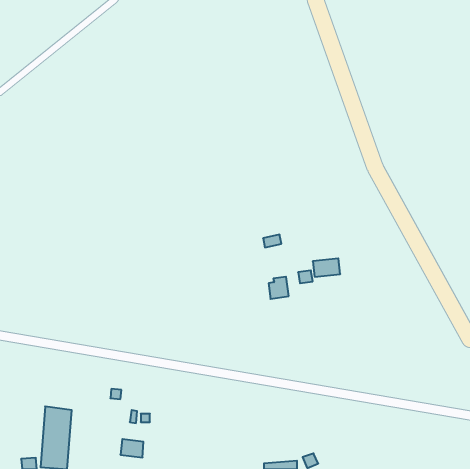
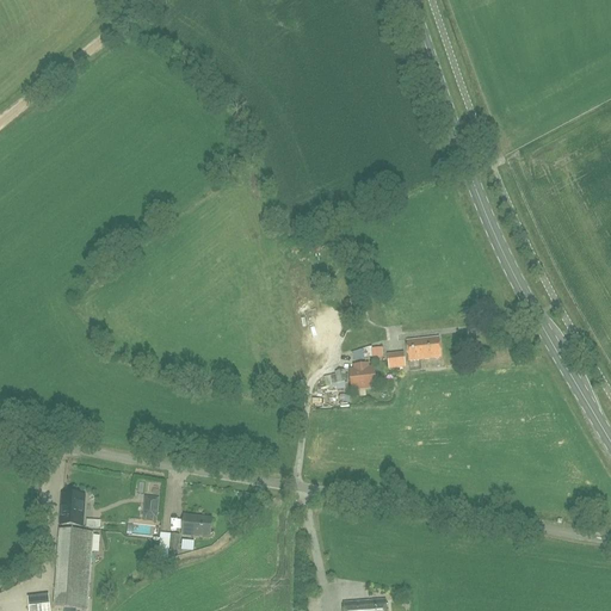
building: none -> [61,493,84,527]
building: [120,439,143,457] -> [181,513,211,537]

